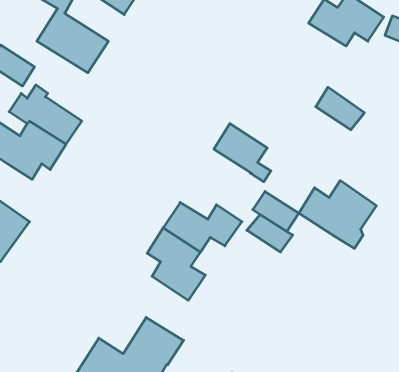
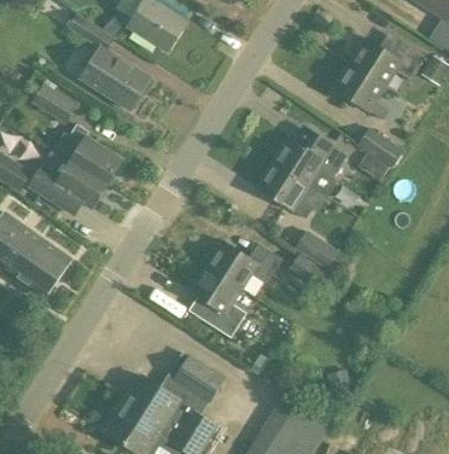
building: none -> [333,62,389,120]
building: [299,181,376,248] -> [272,129,349,197]

